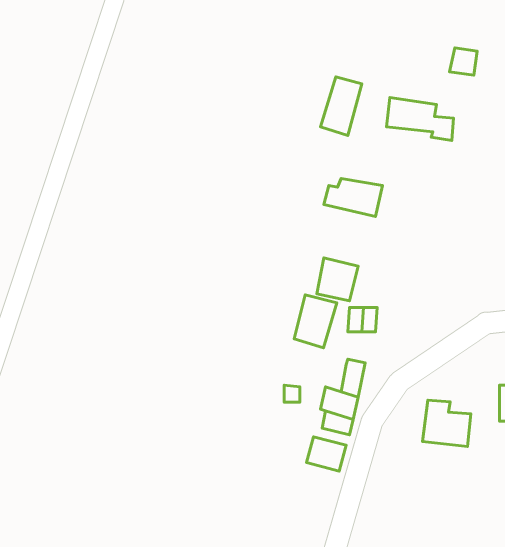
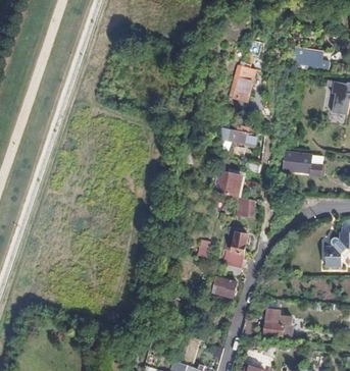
building: [386,97,454,140] -> [281,150,320,175]
building: [294,295,337,348] -> none
building: [423,400,471,447] -> [264,309,293,336]

